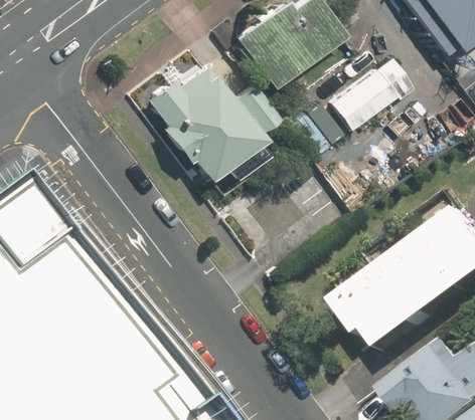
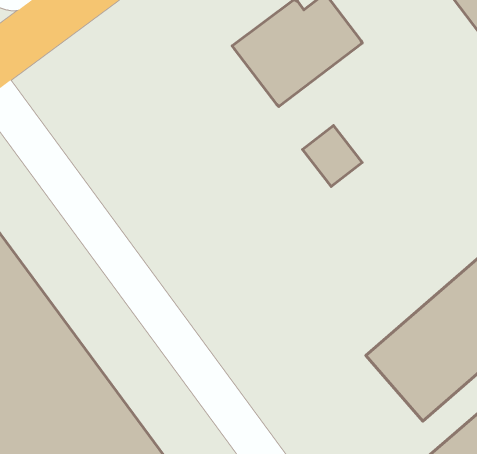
building: [335,45,419,126] -> none
building: [144,56,263,177] -> none

